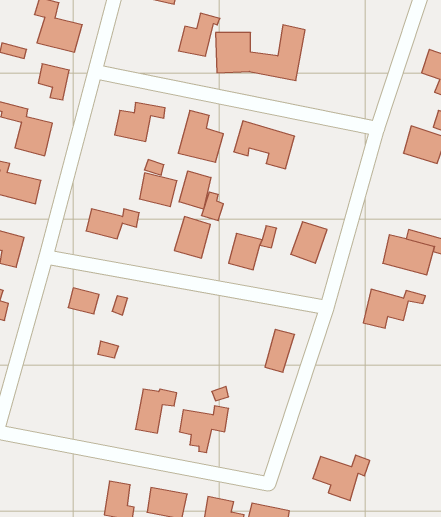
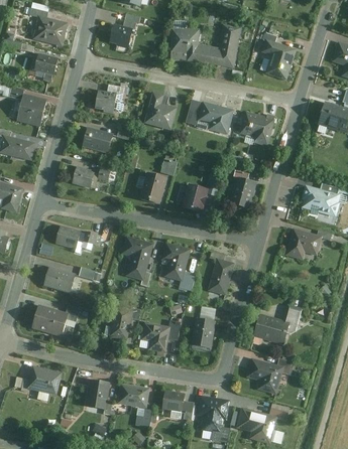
building: [178,13,220,56] -> [108,13,140,46]
building: none -> [258,22,296,82]
building: none -> [238,110,272,146]
building: [179,171,211,209] -> none
building: [139,173,177,207] -> [79,127,108,153]
building: none -> [123,239,153,282]
building: none -> [161,244,194,290]
building: none -> [43,269,74,294]
building: none -> [189,305,217,345]
building: none -> [254,305,303,344]
building: none -> [32,308,79,336]
building: none -> [27,366,62,395]

